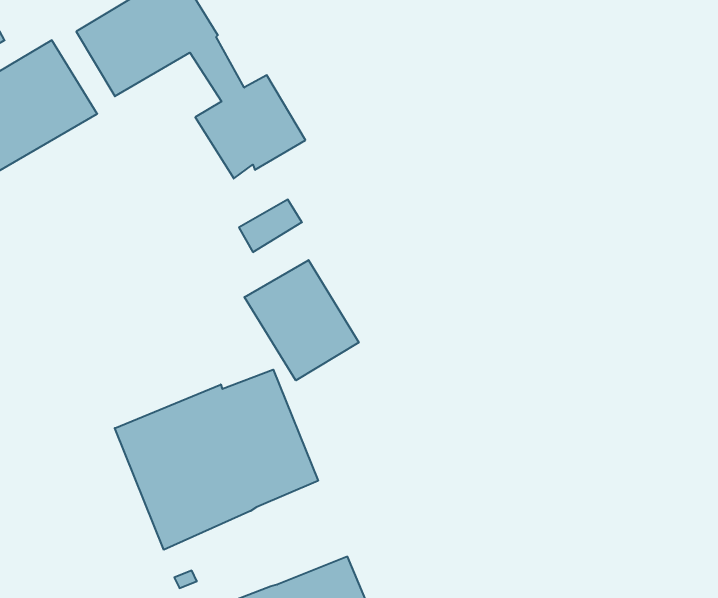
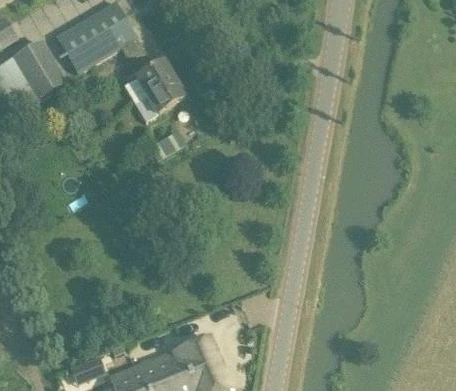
building: [244,260,359,380] -> none
building: [115,370,318,550] -> none

